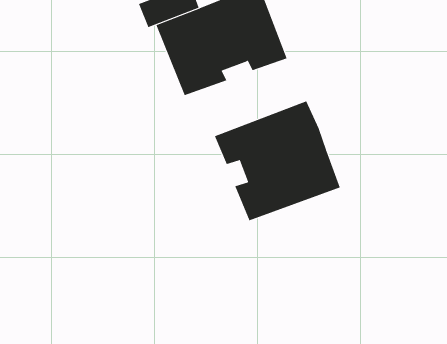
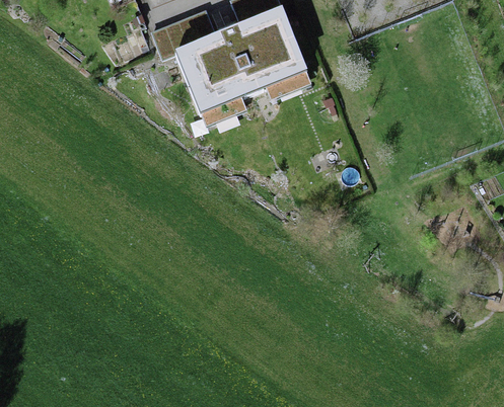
building: [214,100,340,221] -> none

